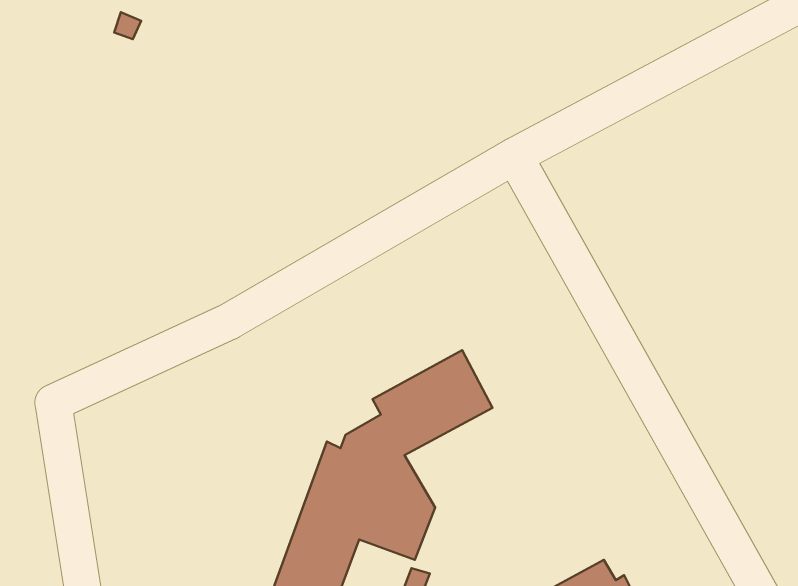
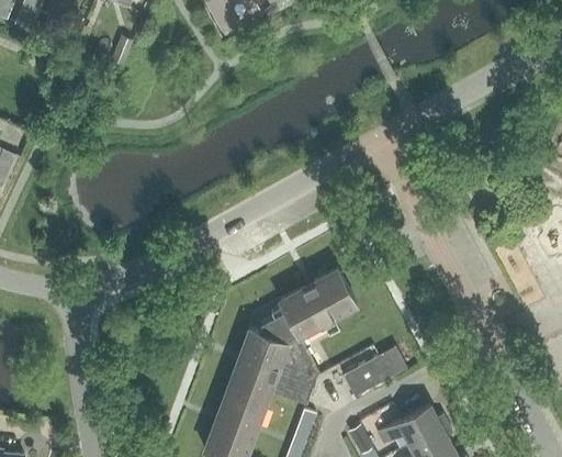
building: none -> [342,346,406,397]

